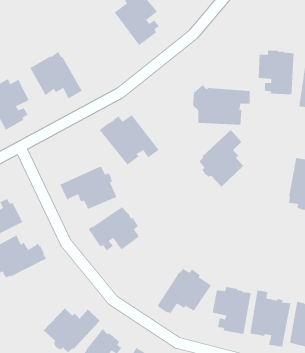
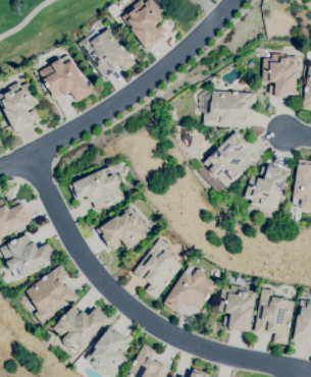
building: [99,114,159,165] -> [77,29,137,78]
building: none -> [245,164,290,211]
building: none -> [134,238,183,300]
building: none -> [27,265,76,323]

